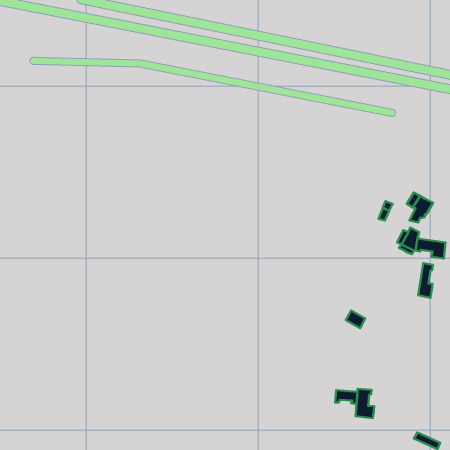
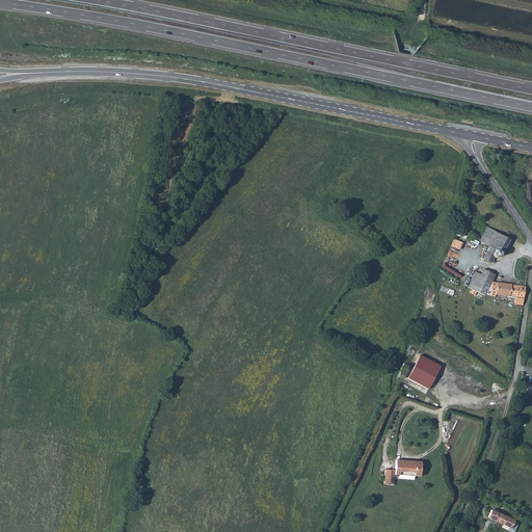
building: [418,263,433,298] -> none
building: [355,389,374,418] -> none

